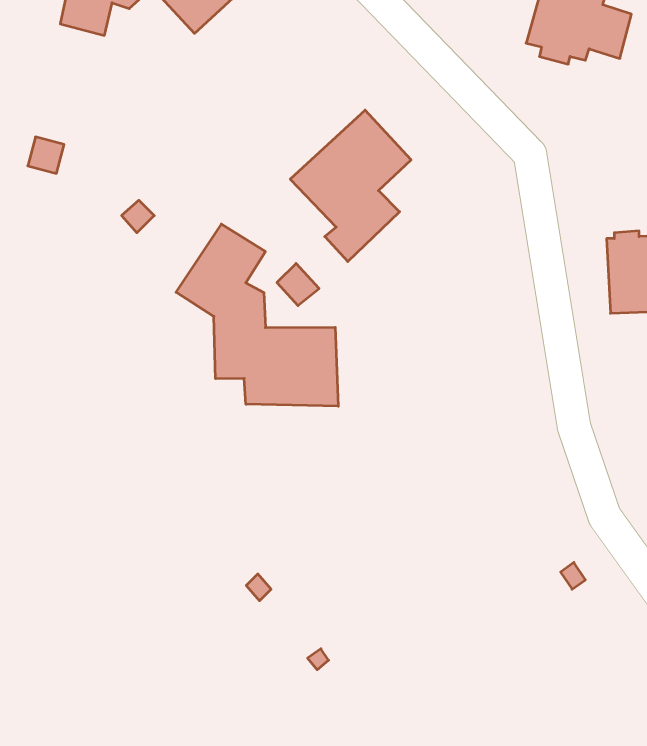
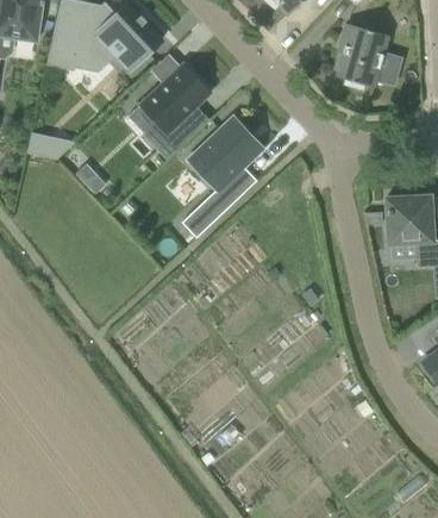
building: none -> [139,64,209,158]
building: [176,224,338,406] -> none

